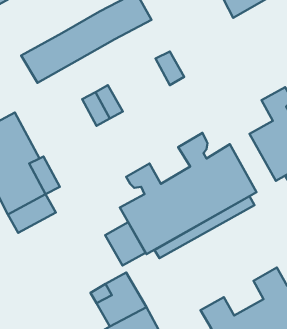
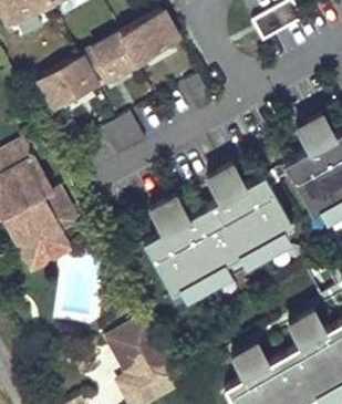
building: [105,222,146,266] -> none

